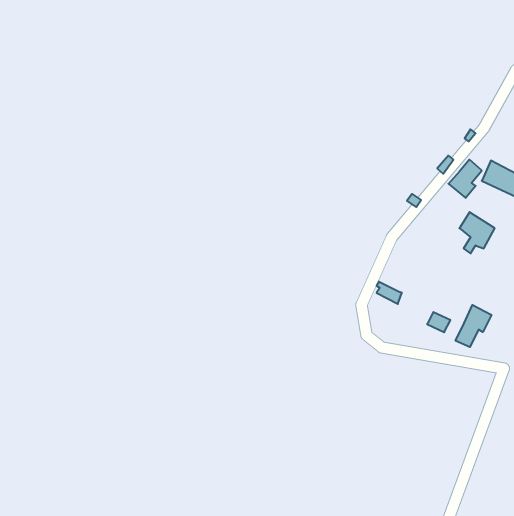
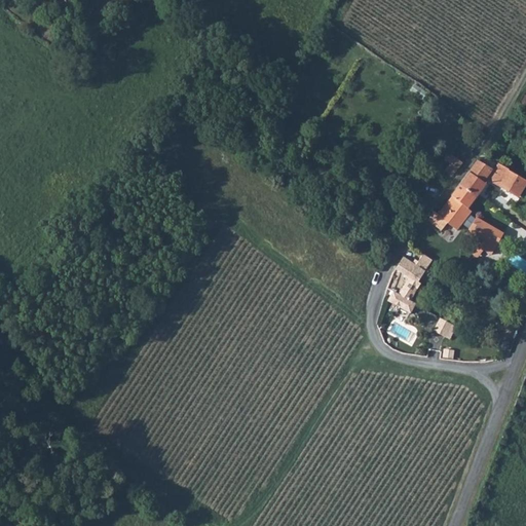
building: none -> [421,187,476,235]
building: none -> [392,252,425,286]
building: [456,305,491,347] -> none

